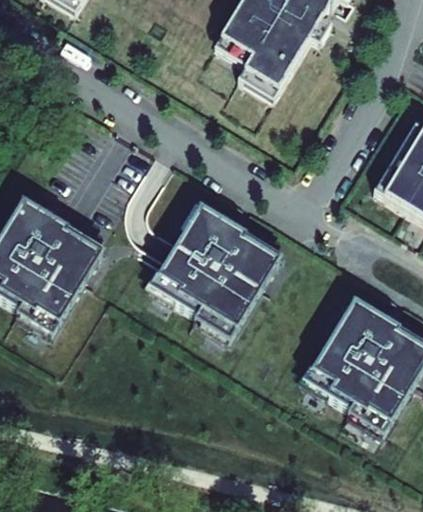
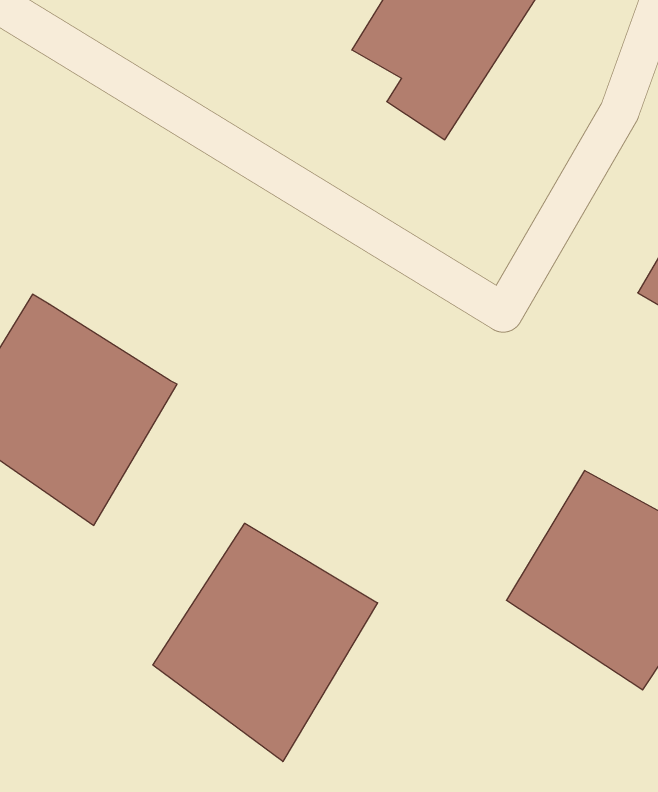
building: [146,201,285,331] -> none
building: none -> [153,523,378,762]

